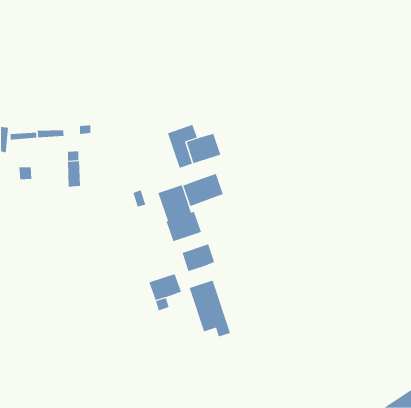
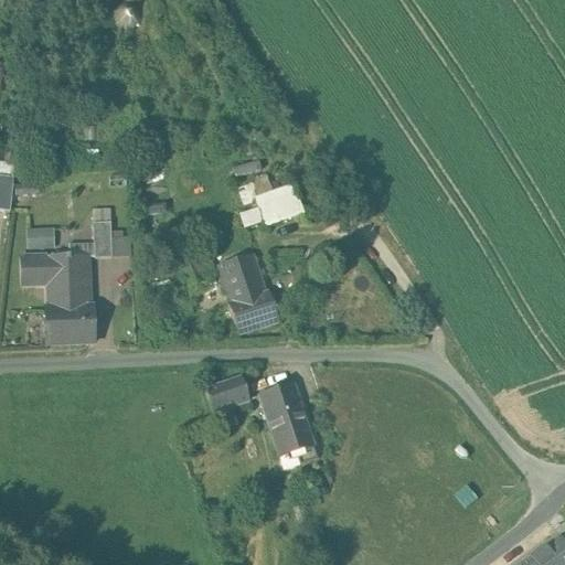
building: [183,173,223,207] -> none
building: none -> [20,253,94,342]
building: [182,243,215,272] -> none

